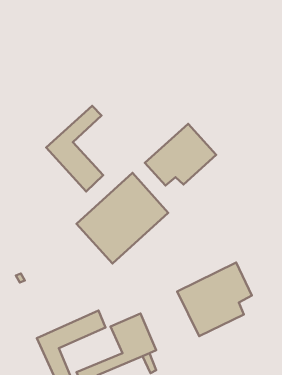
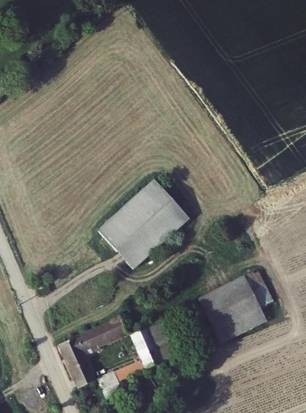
building: [46,106,103,191] -> none
building: [145,124,216,186] -> none

